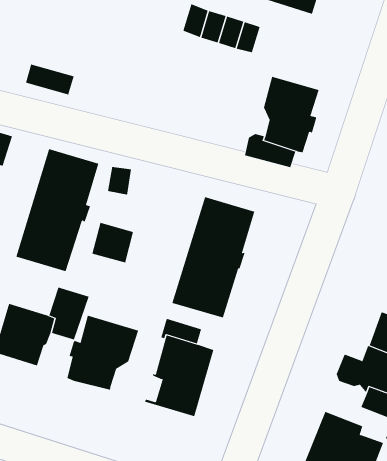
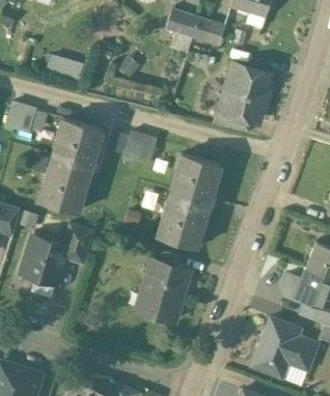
building: [91,222,134,263] -> [123,132,156,163]
building: [67,315,139,390] -> none

